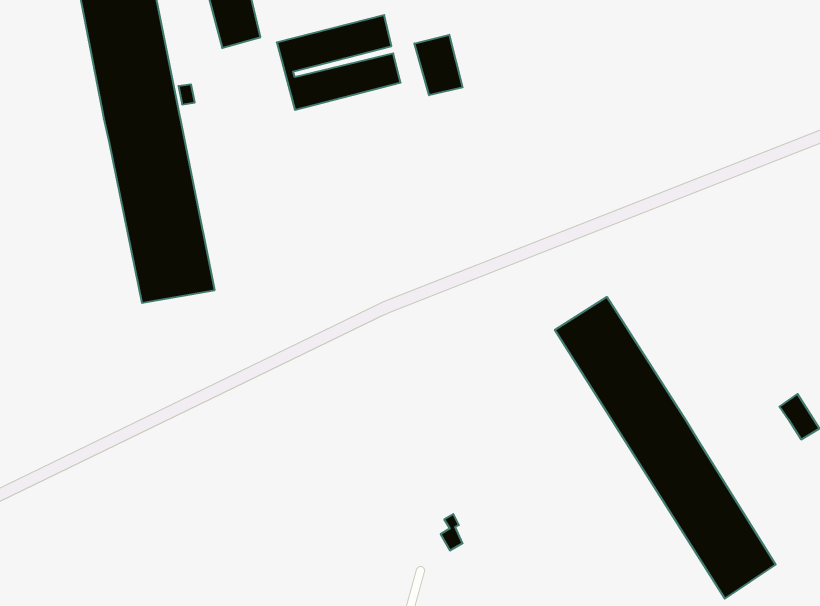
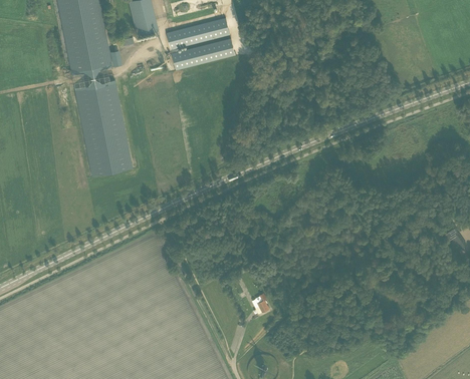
building: [414,35,463,95] -> none
building: [555,297,776,599] -> none

